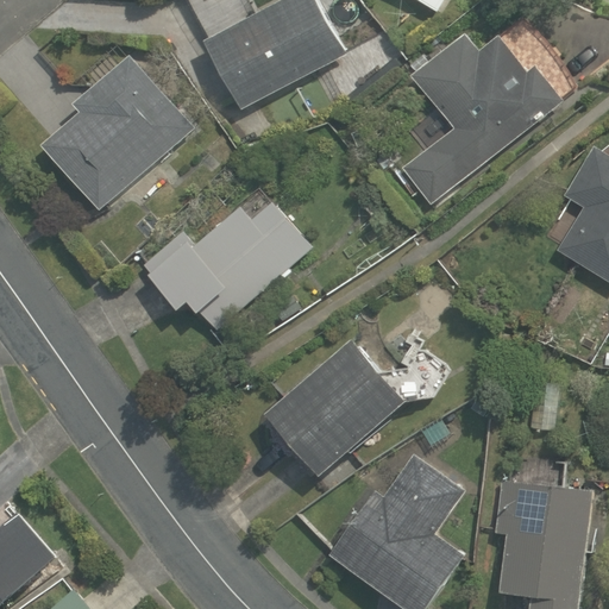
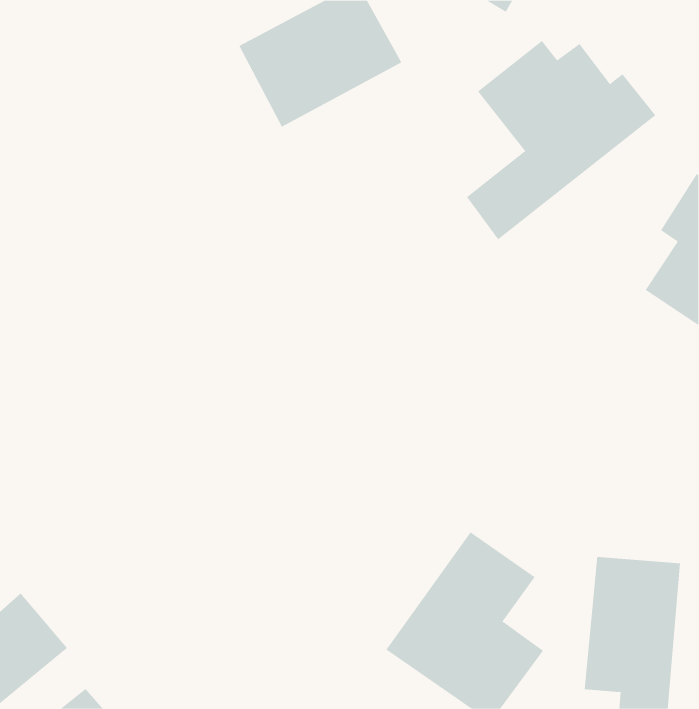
building: [40,55,193,209] -> none
building: [145,208,304,325] -> none
building: [274,347,413,483] -> none

